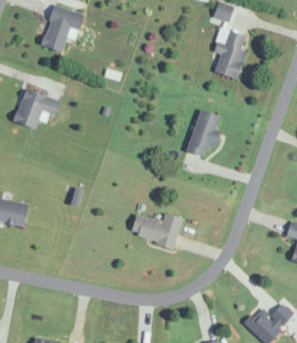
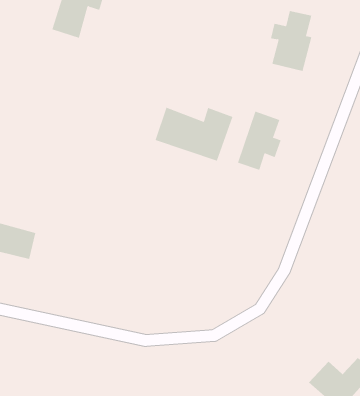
building: [14,89,61,128] -> none
building: none -> [155,107,233,162]
building: [130,213,182,248] -> none

